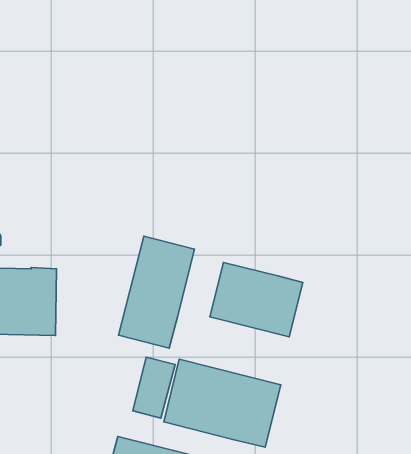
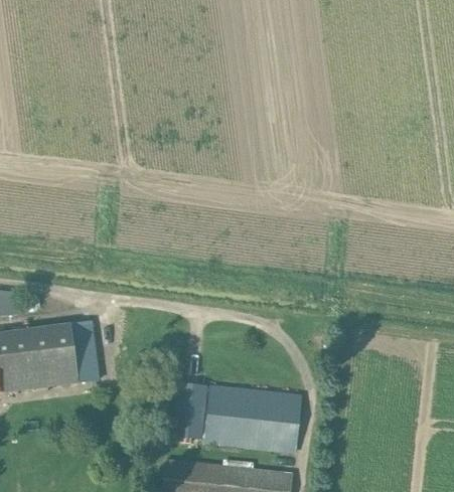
building: [119,236,195,348] -> none
building: [210,263,303,337] -> none

